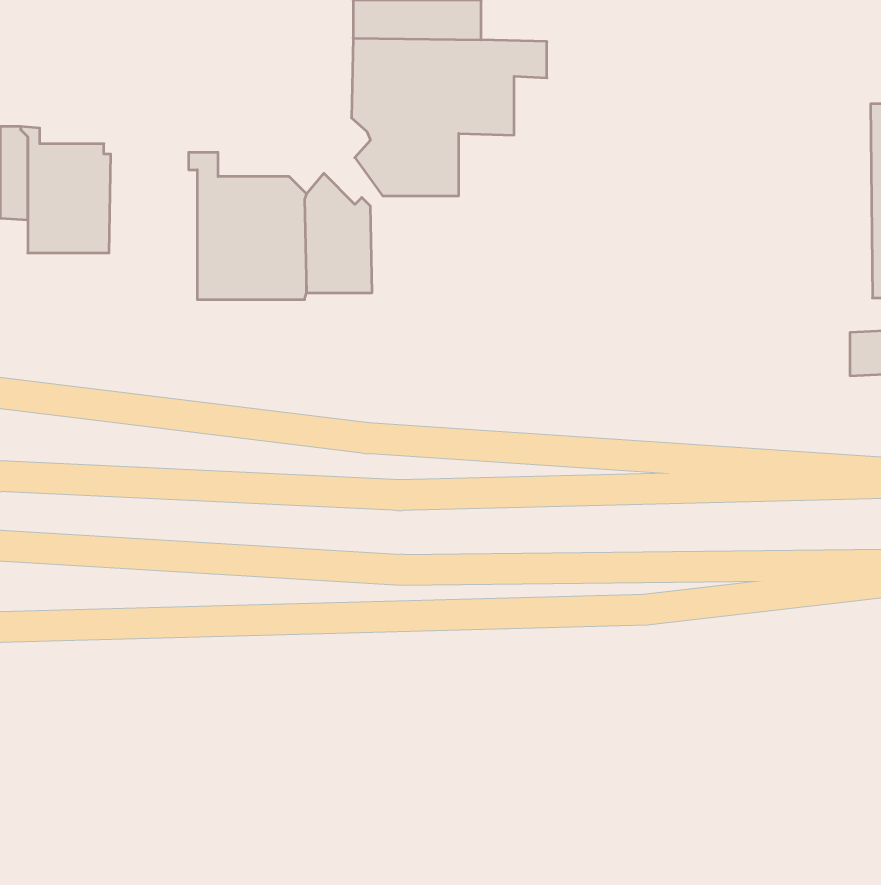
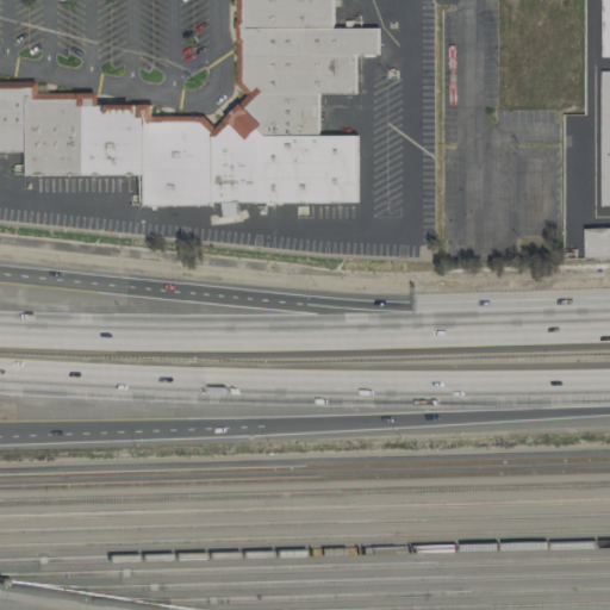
building: none -> [73,93,138,174]
building: none -> [225,104,357,203]

